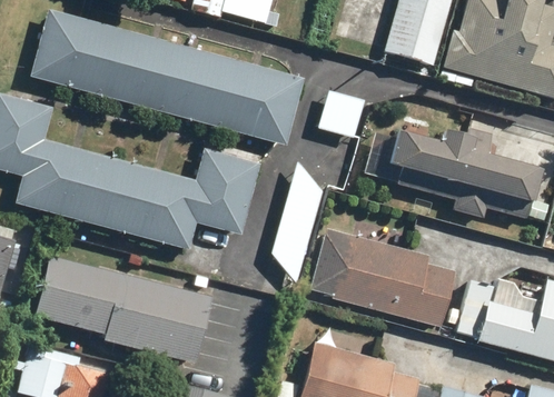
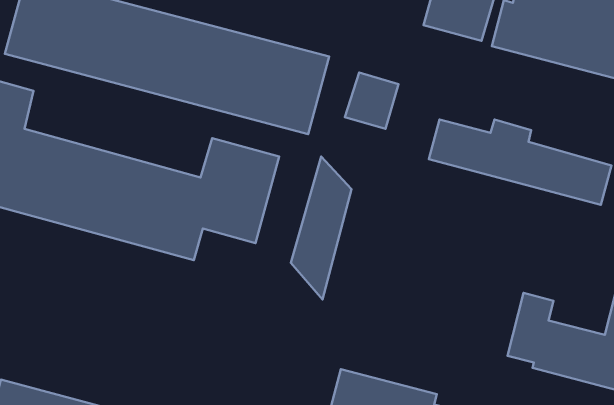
building: [332,234,455,326] -> none
building: [33,257,212,364] -> none

